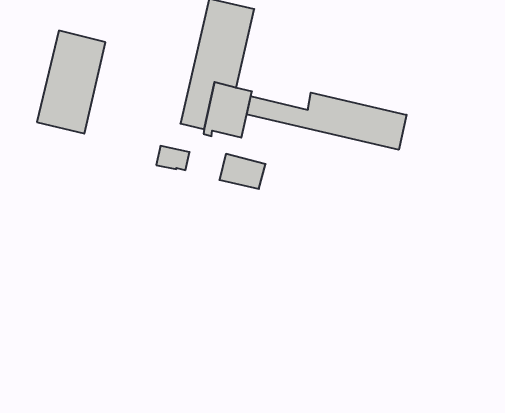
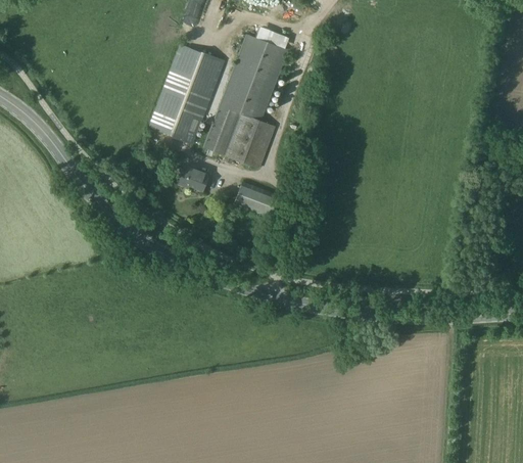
building: [37,31,105,134] -> [150,45,224,144]
building: [247,93,407,150] -> none

